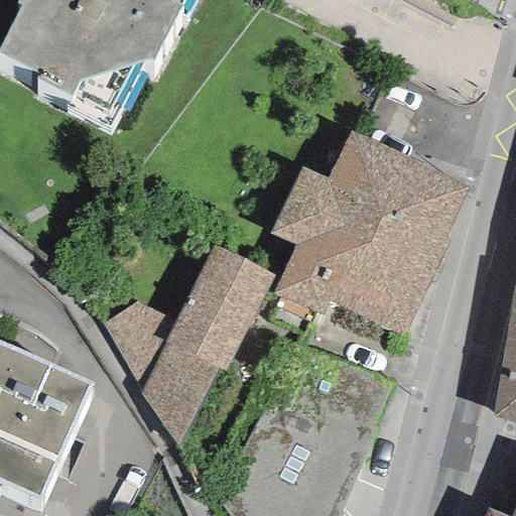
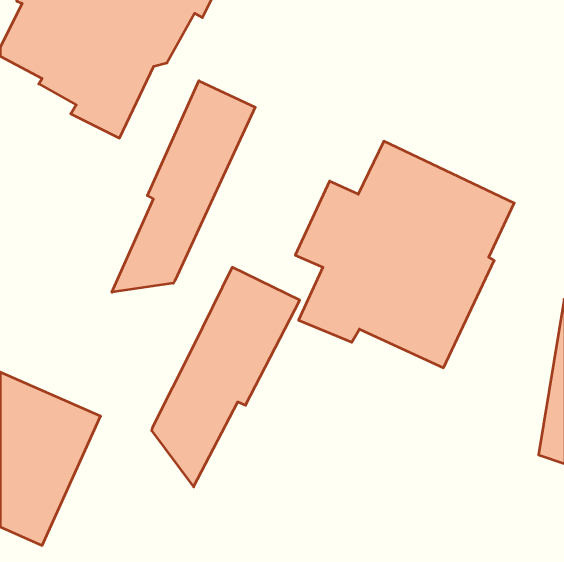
building: none -> [112,81,255,292]
building: [105,300,176,390] -> none

